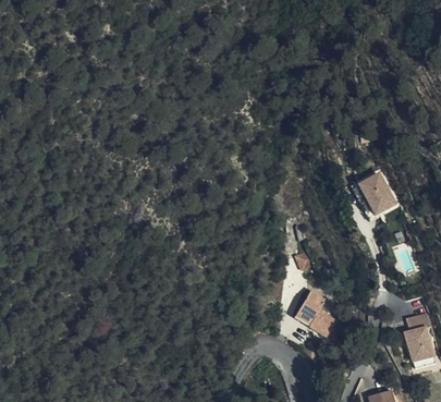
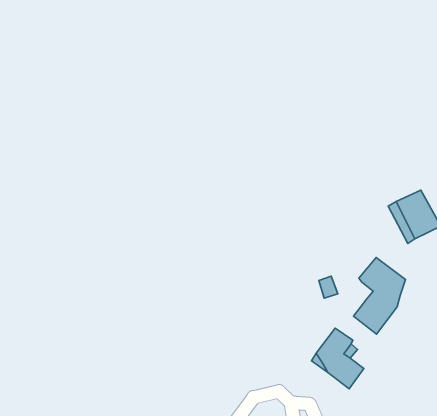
building: none -> [354,257,406,334]

